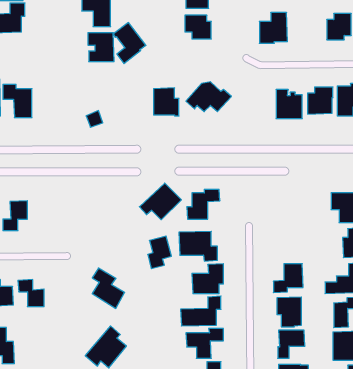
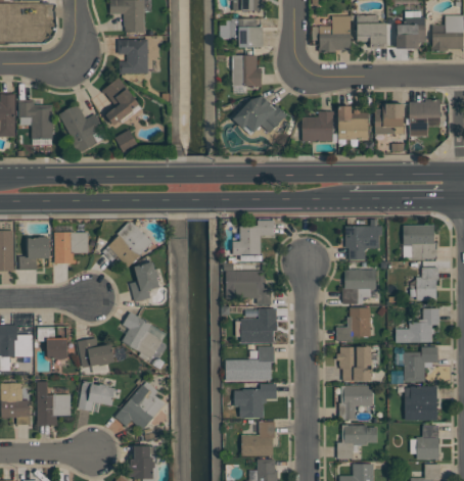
building: none -> [357,14,387,43]
building: [113,23,146,64] -> [102,77,140,125]
building: [154,88,179,116] -> [233,54,263,87]
building: none -> [58,104,103,152]
building: none -> [303,110,333,141]
building: [139,183,181,220] -> [101,223,150,266]
building: none -> [344,226,380,261]
building: none -> [54,233,87,262]
building: none -> [341,271,376,303]
building: [148,236,171,269] -> [132,263,159,301]
building: none -> [78,339,114,367]
building: none -> [39,381,73,424]
building: none -> [78,385,113,412]

